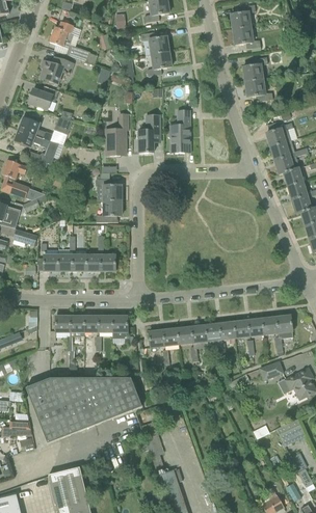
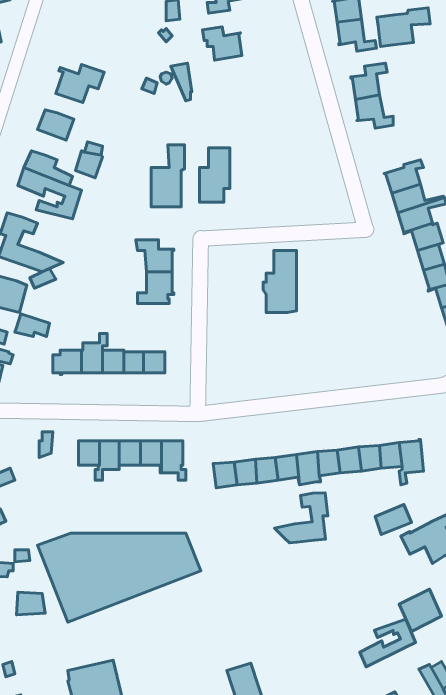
building: none -> [377,8,430,46]
building: [50,21,90,60] -> none
building: [147,51,172,76] -> none
building: [168,109,191,152] -> [263,251,296,312]
building: none -> [275,493,328,543]
building: none -> [360,619,415,667]

